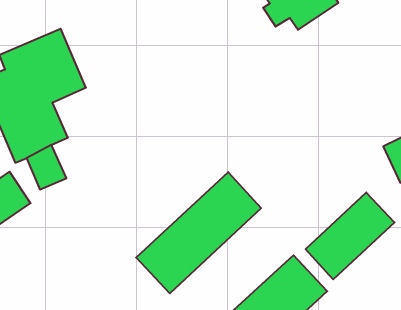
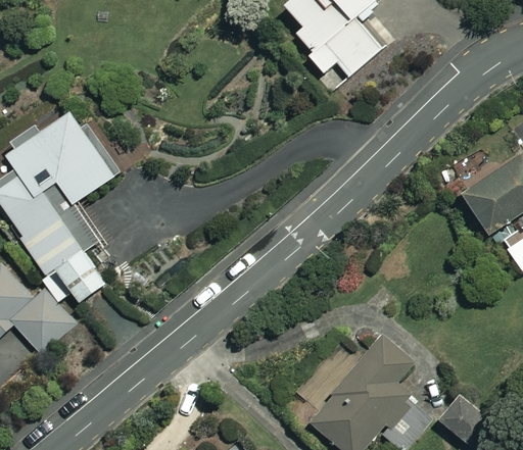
building: [136,172,261,293] -> none
building: [306,192,395,279] -> none

